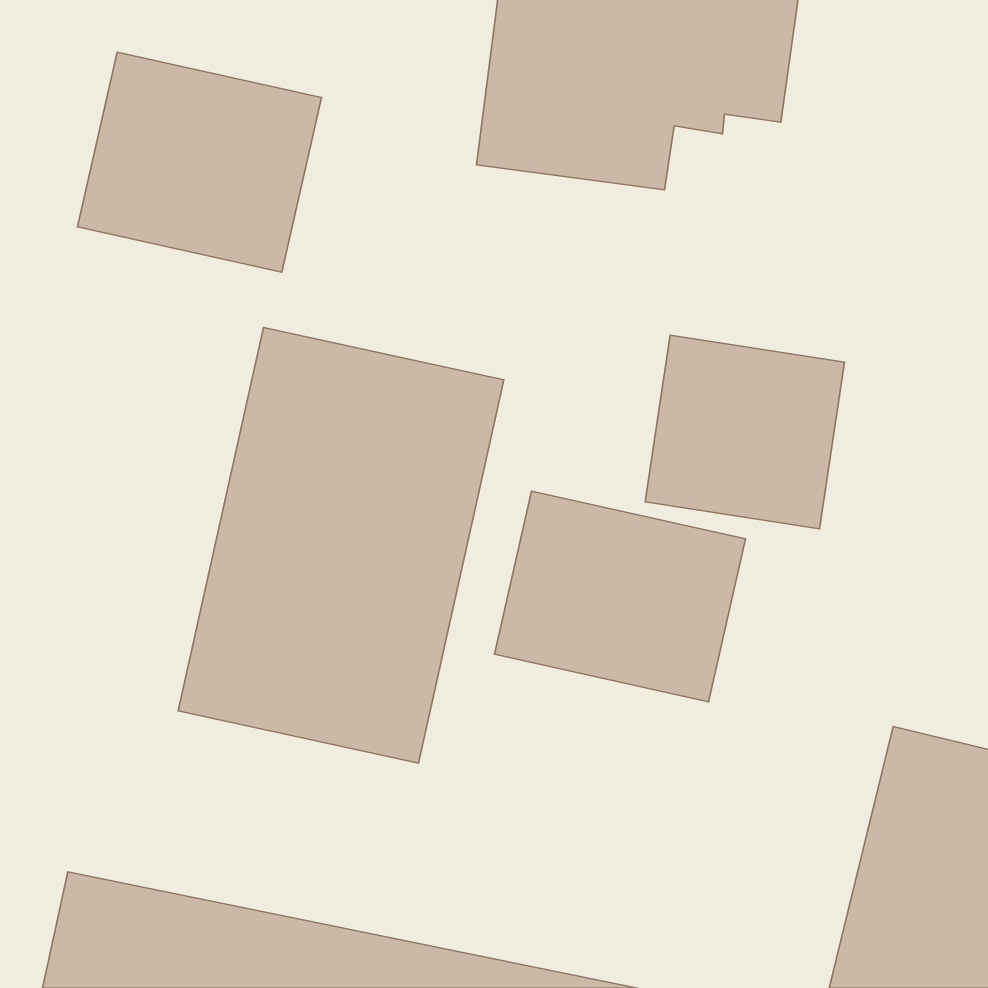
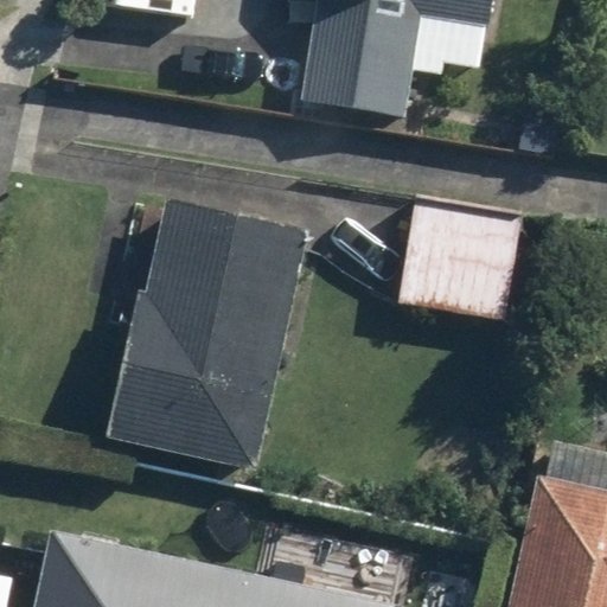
building: [78,52,322,272] -> none
building: [494,491,746,702] -> none

